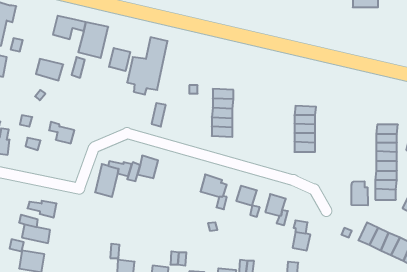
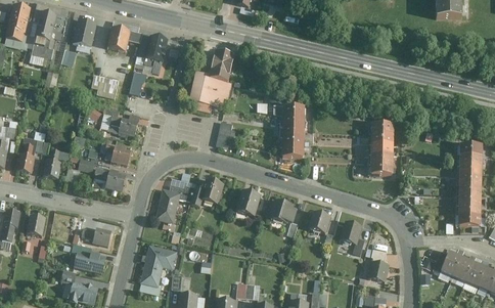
building: none -> [74,17,97,46]
building: [109,48,130,71] -> none
building: none -> [108,115,138,135]
building: none -> [93,167,127,191]
building: none -> [236,188,261,216]
building: [352,181,368,205] -> none
building: none -> [139,245,175,287]

